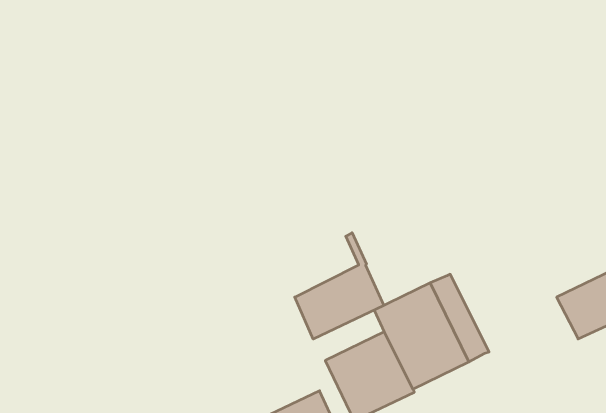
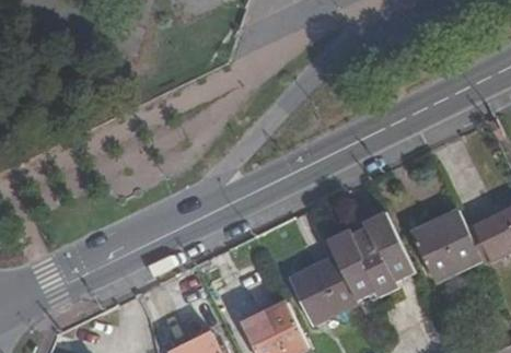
building: [295,233,384,339] -> none
building: none -> [411,219,485,292]

